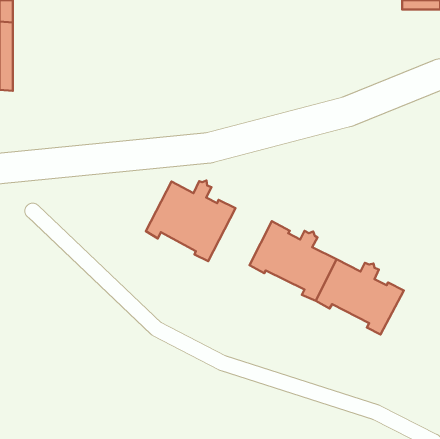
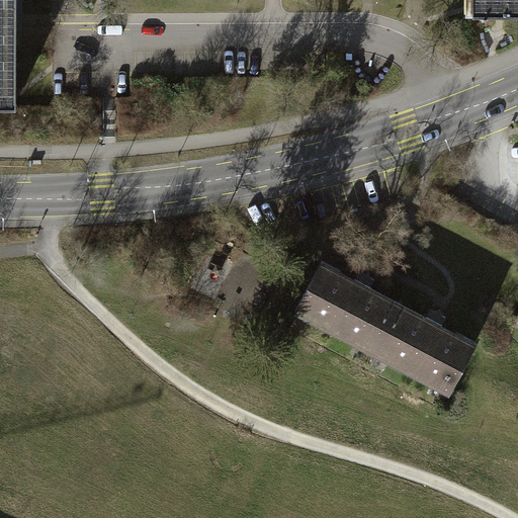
building: [146,180,235,261] -> none

